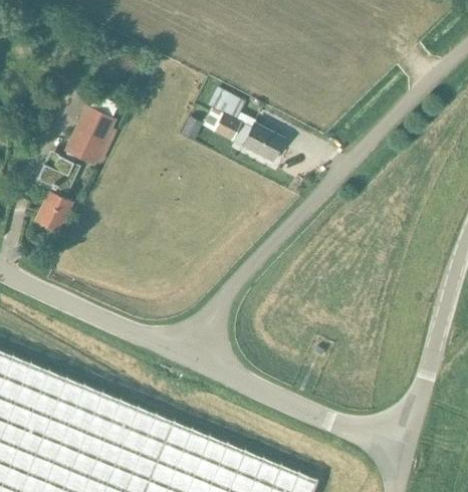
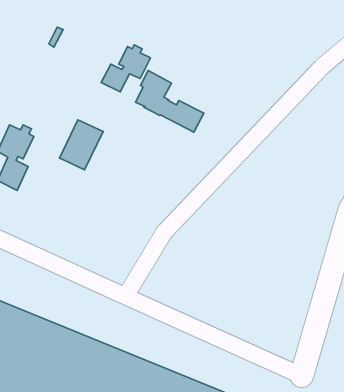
building: none -> [101,45,150,92]
building: [63,107,115,168] -> [60,120,103,170]

